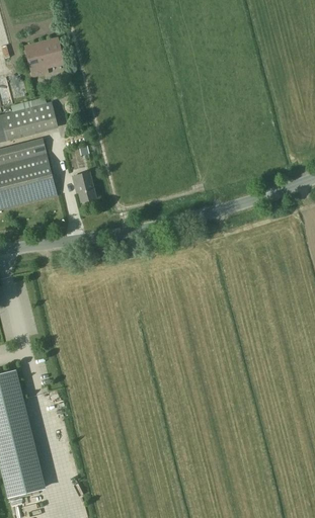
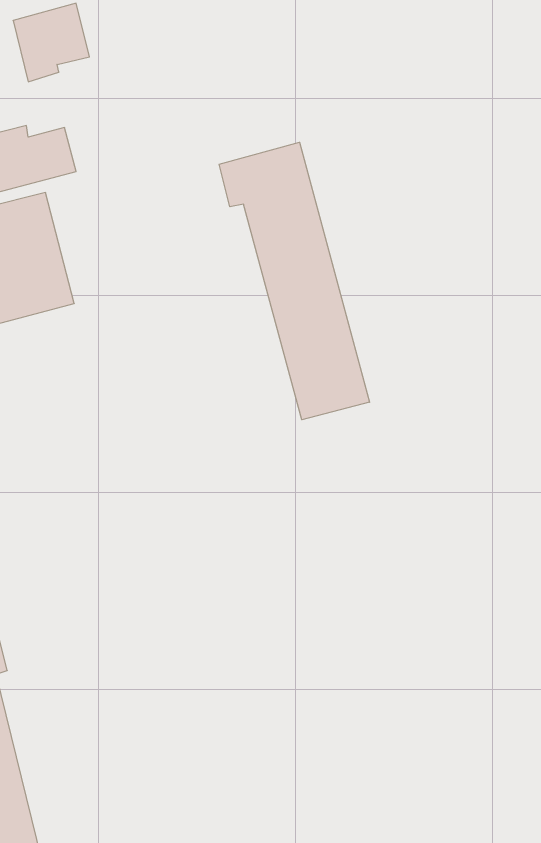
building: none -> [219,142,370,420]
building: [73,172,96,202] -> none

